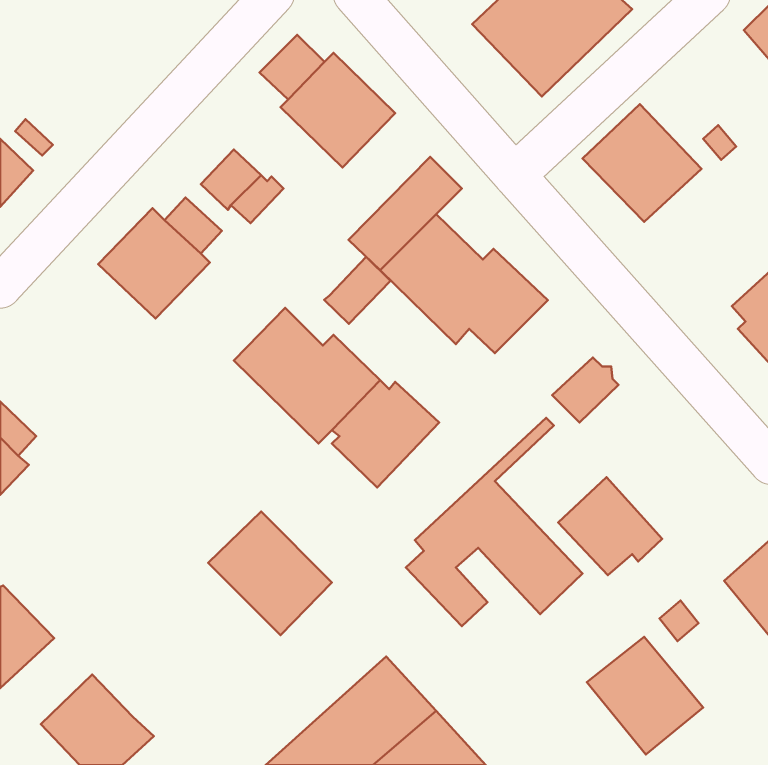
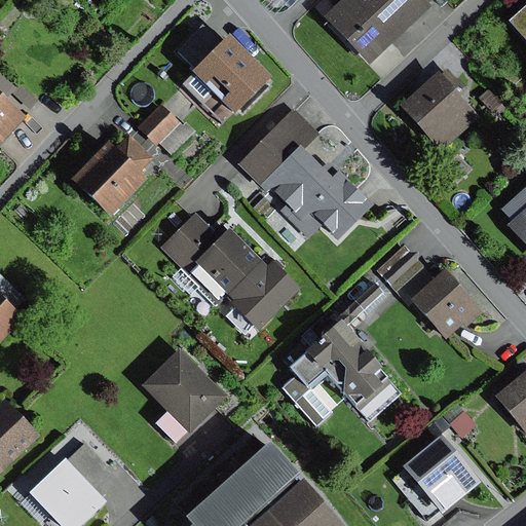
building: [324,257,391,324] -> none
building: [558,477,662,575] -> [412,269,483,336]
building: none -> [65,442,111,488]

